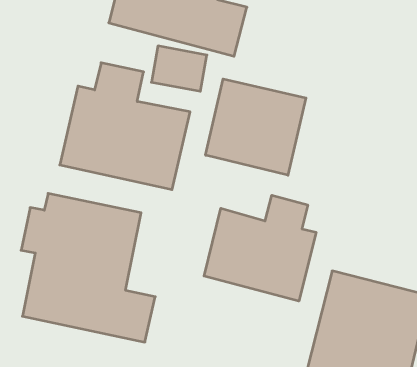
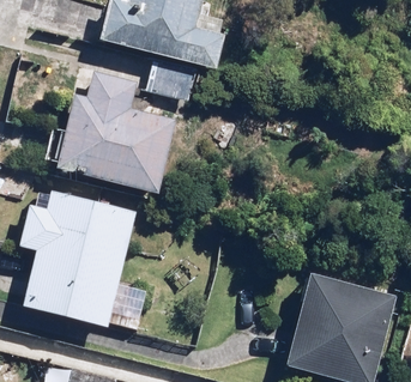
building: [206,79,306,175] -> none
building: [204,195,316,301] -> none

